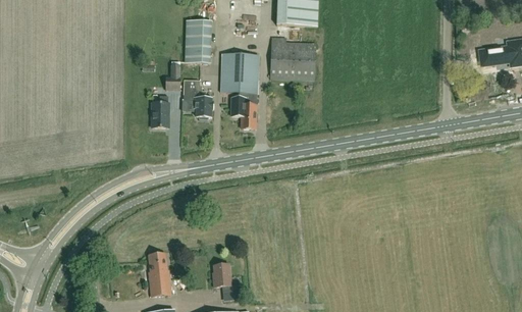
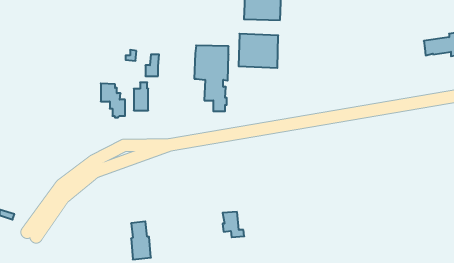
building: [185,20,211,62] -> none
building: [184,80,211,118] -> [101,83,125,118]
building: [213,264,238,293] -> [223,212,244,237]

